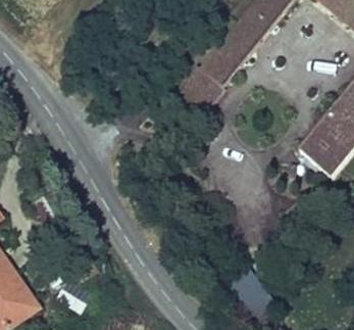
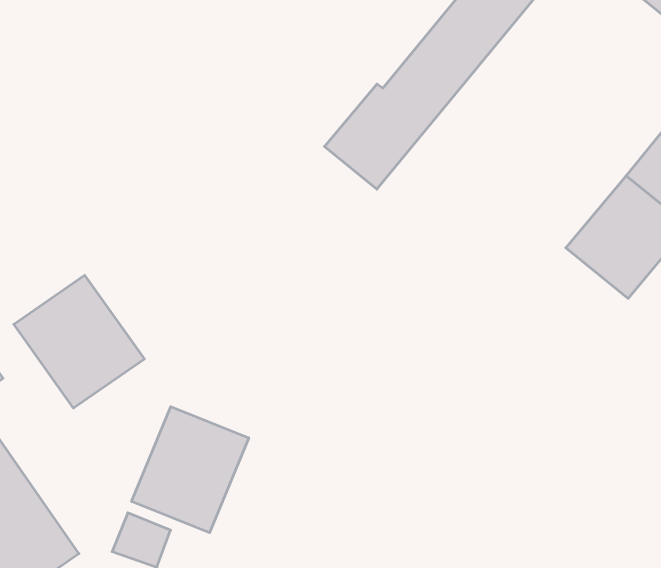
building: none -> [14,275,144,408]
building: none -> [132,407,249,533]

